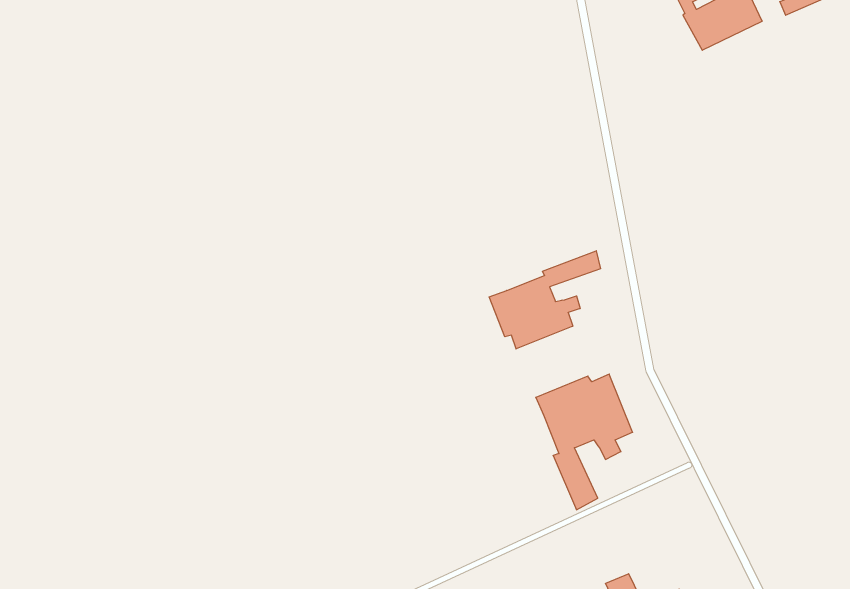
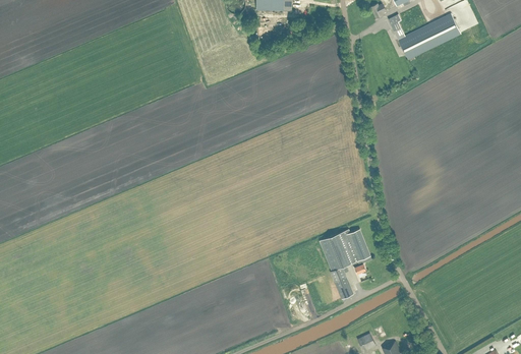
building: [489,251,600,349] -> none

